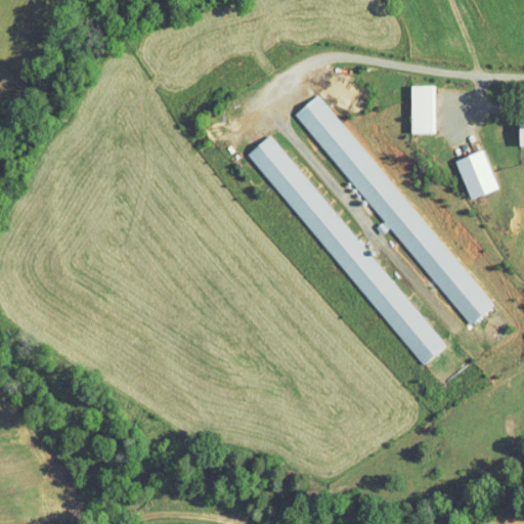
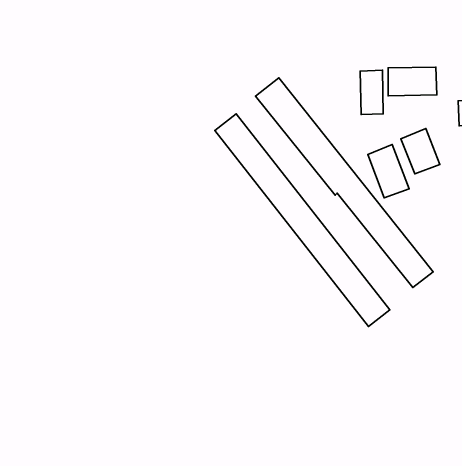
building: none -> [388,67,437,96]
building: none -> [368,145,409,198]

